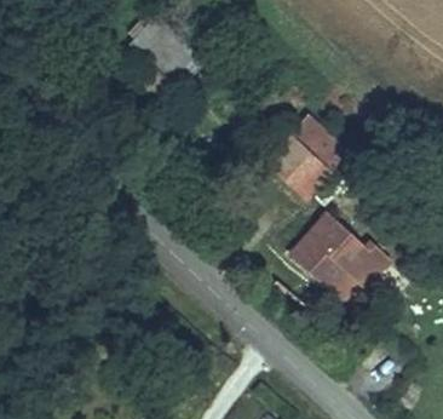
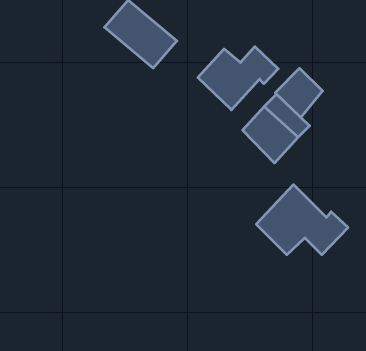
building: none -> [198,47,278,110]
building: none -> [275,68,323,118]

